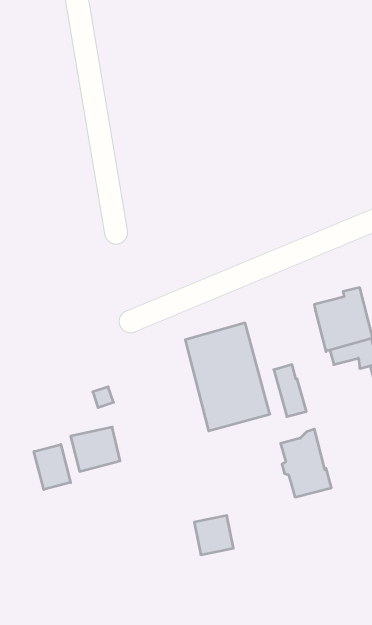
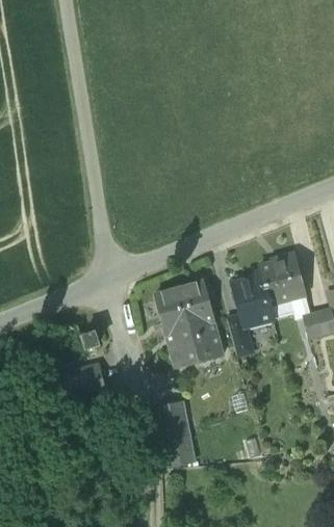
building: [281,429,331,497] -> [233,271,274,325]
building: [34,444,71,490] -> none
building: none -> [156,402,189,440]

